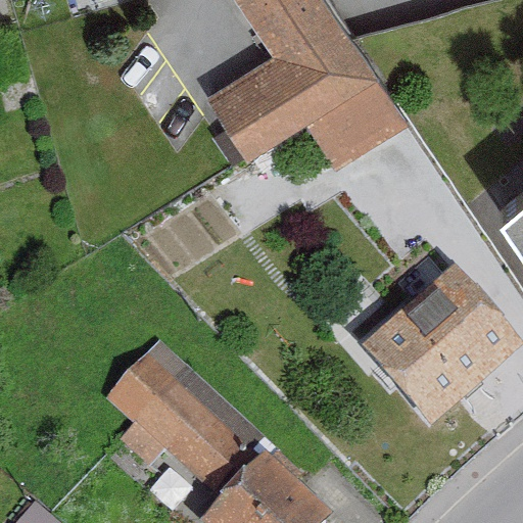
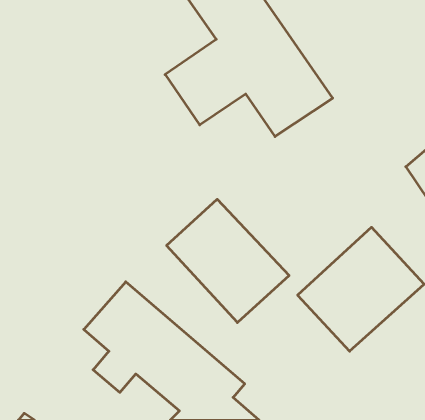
building: none -> [167,199,289,323]

